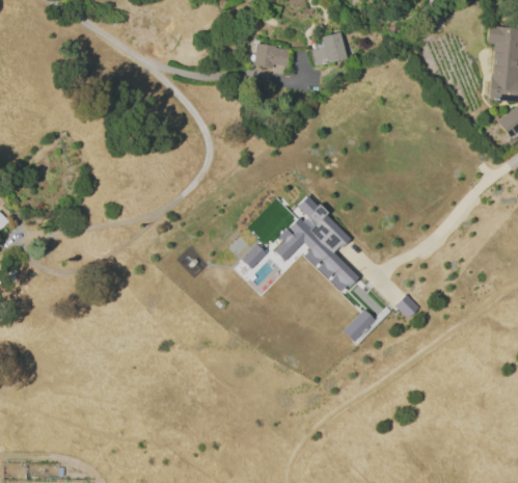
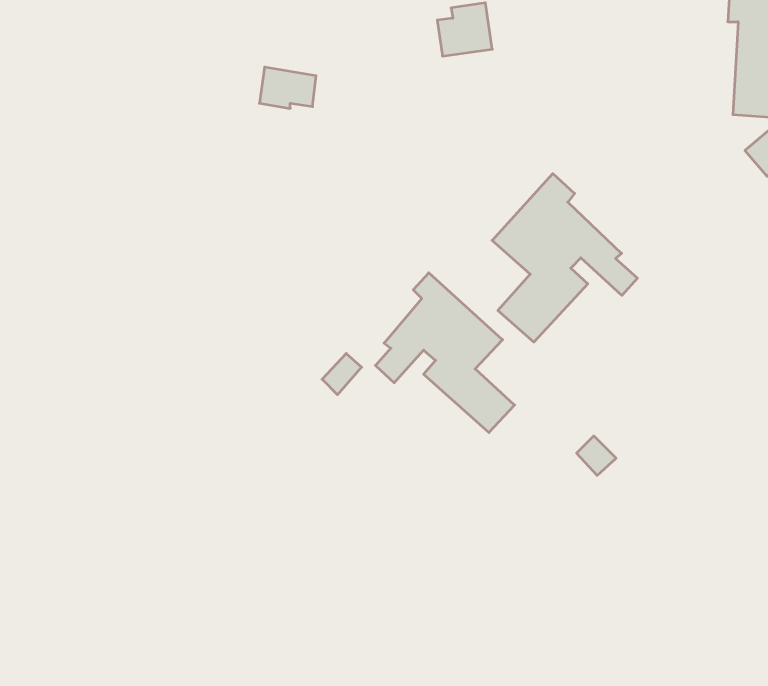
building: [255,43,290,68] -> [259,67,316,108]
building: none -> [492,174,637,342]
building: [345,310,376,341] -> none

